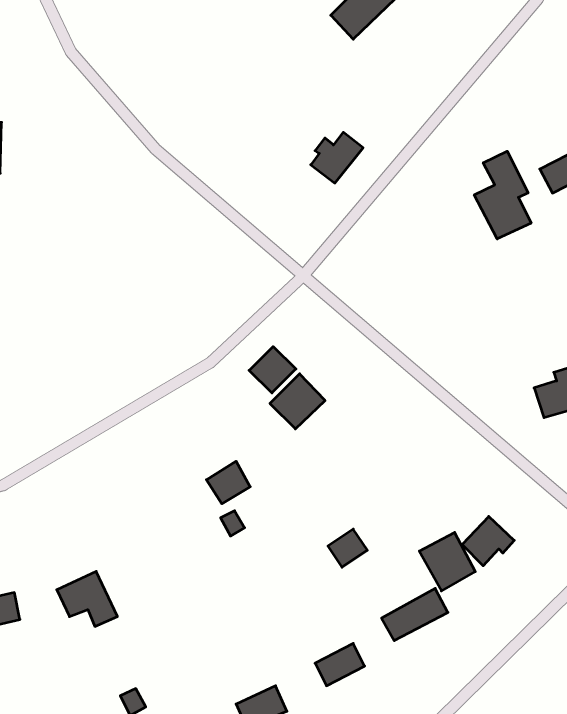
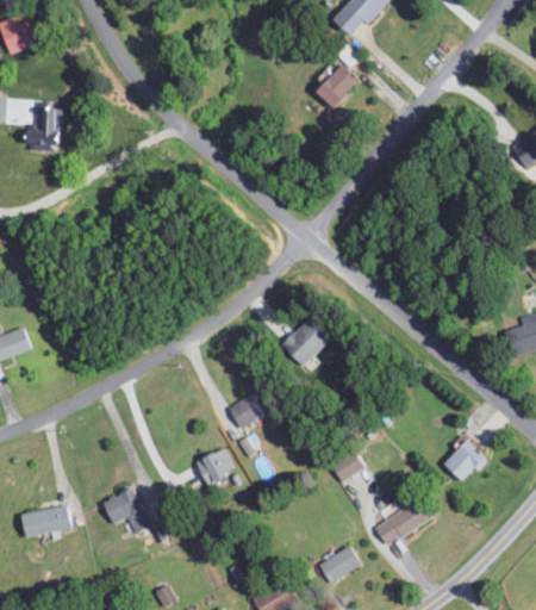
building: [311,132,363,183] -> [314,64,359,107]
building: [474,151,531,239] -> none
building: [249,347,296,393] -> none
building: none -> [194,448,232,485]
building: [419,532,475,591] -> none

